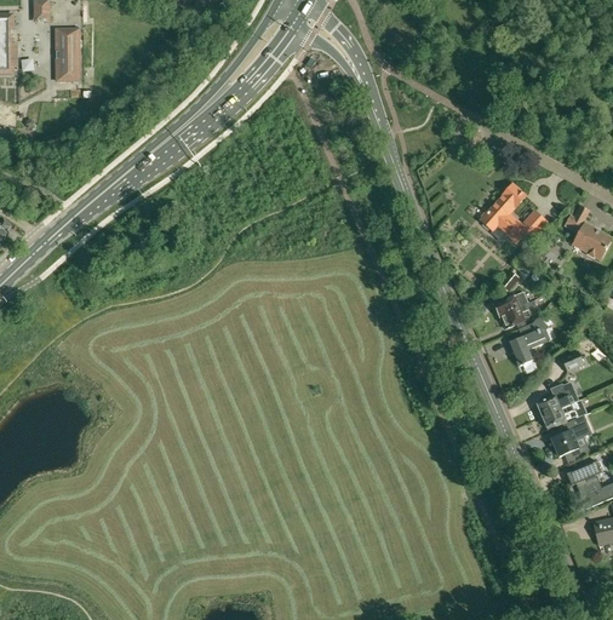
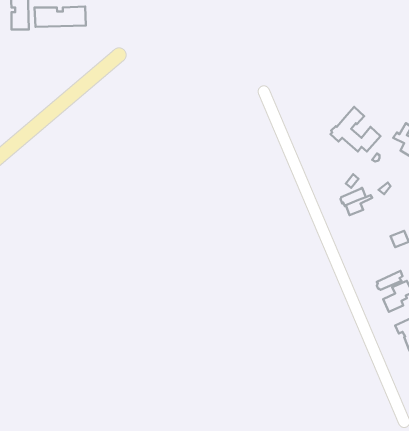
building: none -> [34,6,86,27]
building: [510,316,550,364] -> none
building: [537,384,574,415] -> none

